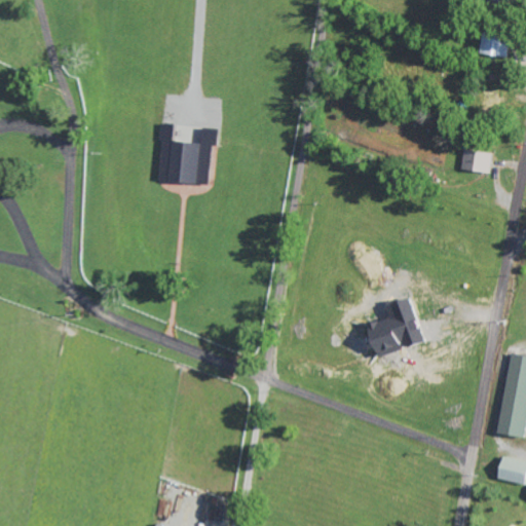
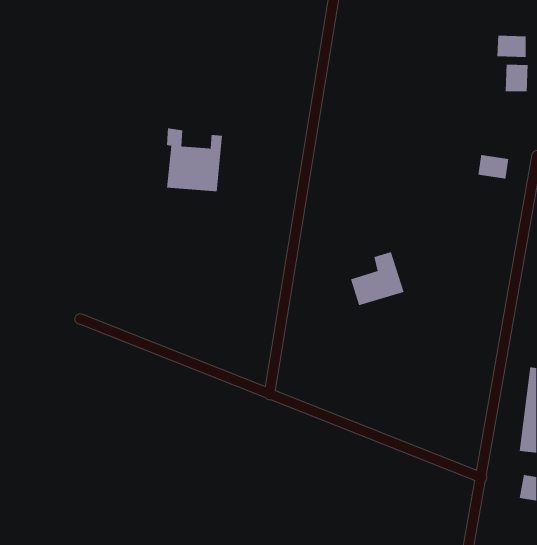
building: none -> [505,64,528,92]
building: [370,299,422,351] -> [350,252,404,306]

